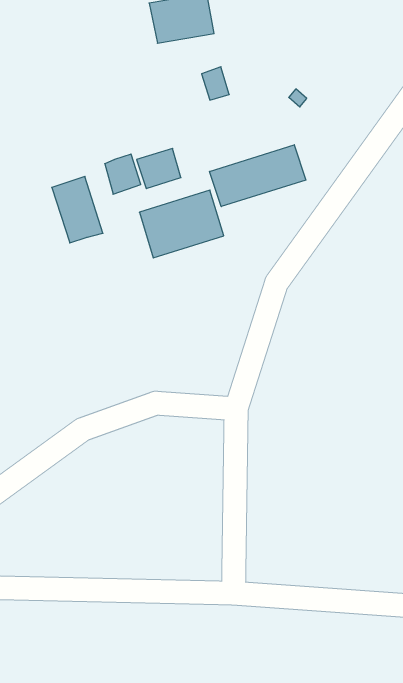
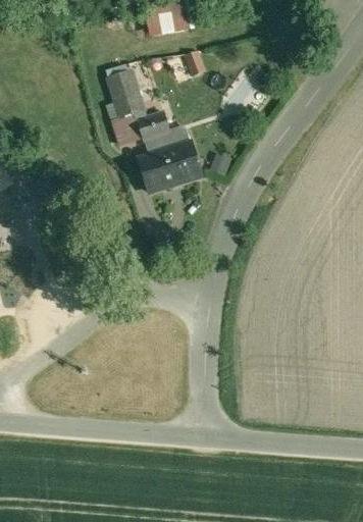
building: [210,145,306,207] -> none
building: [52,176,103,243] -> [106,69,144,118]

